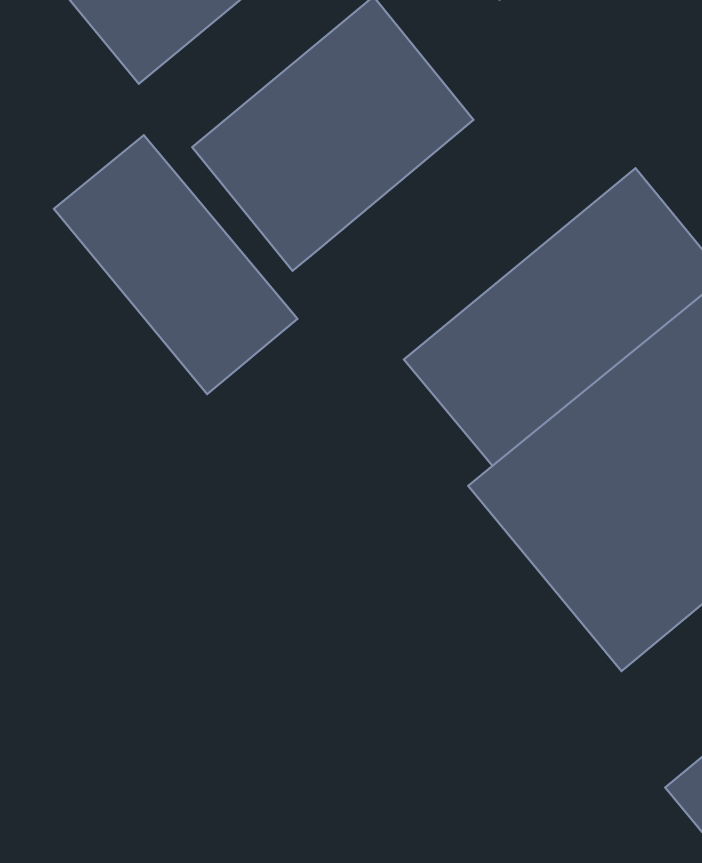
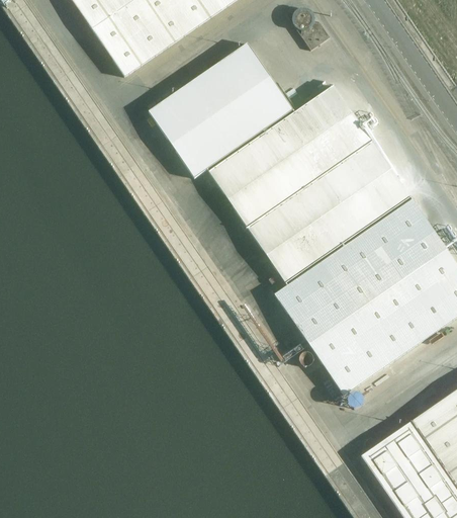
building: none -> [208,83,373,228]
building: [54,135,298,394] -> none

